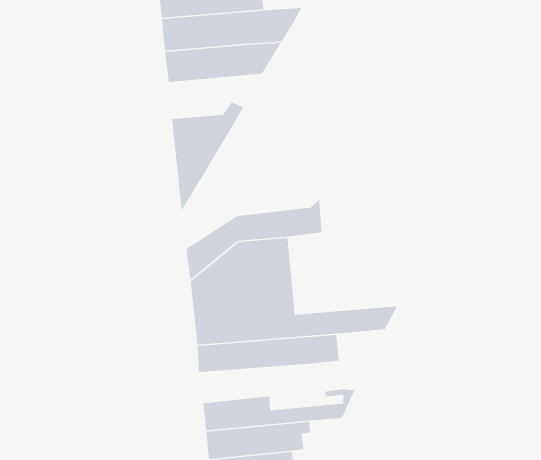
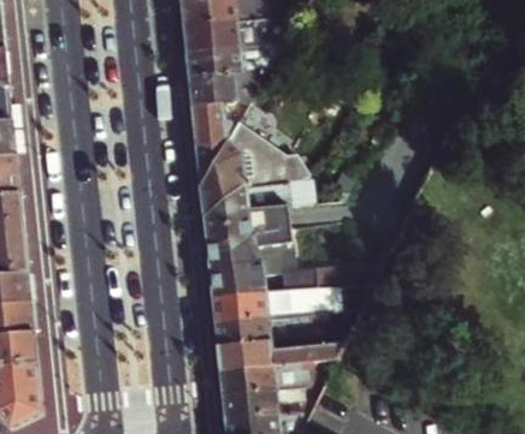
building: none -> [188,67,267,105]
building: none -> [199,124,315,214]
building: none -> [213,311,309,344]

